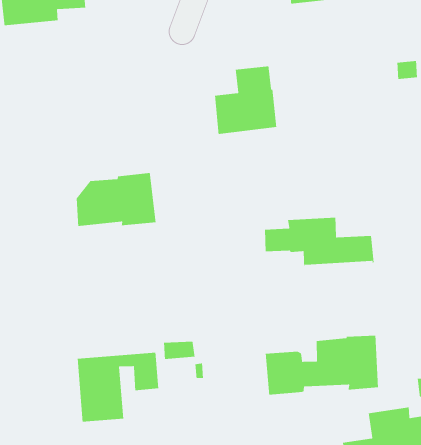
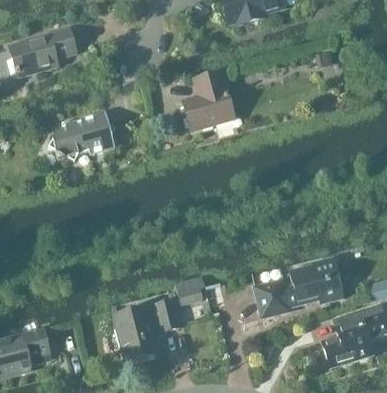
building: [76,172,156,227] -> [52,110,115,160]
building: [264,217,374,268] -> none

